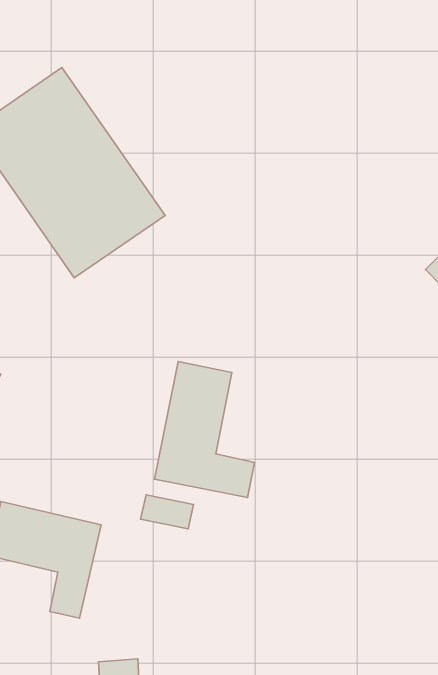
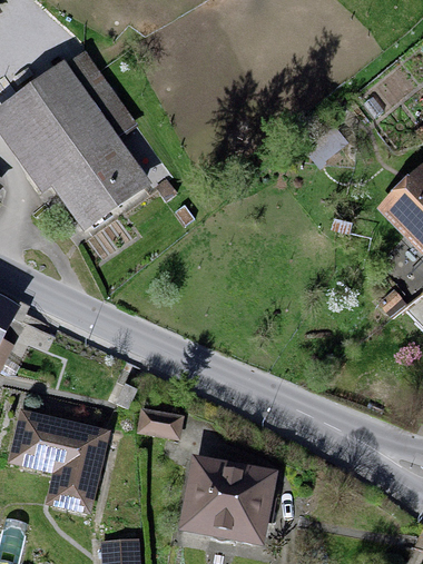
building: [155,361,255,498] -> none
building: none -> [186,463,267,534]

